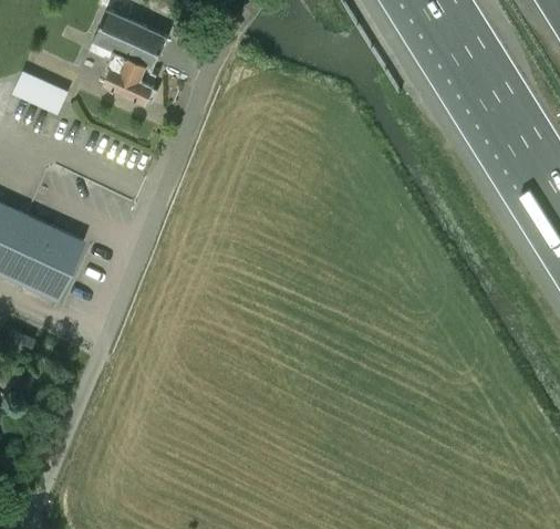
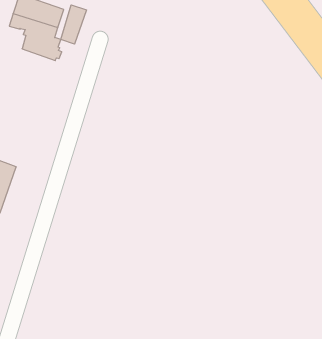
building: none -> [61,5,86,44]

